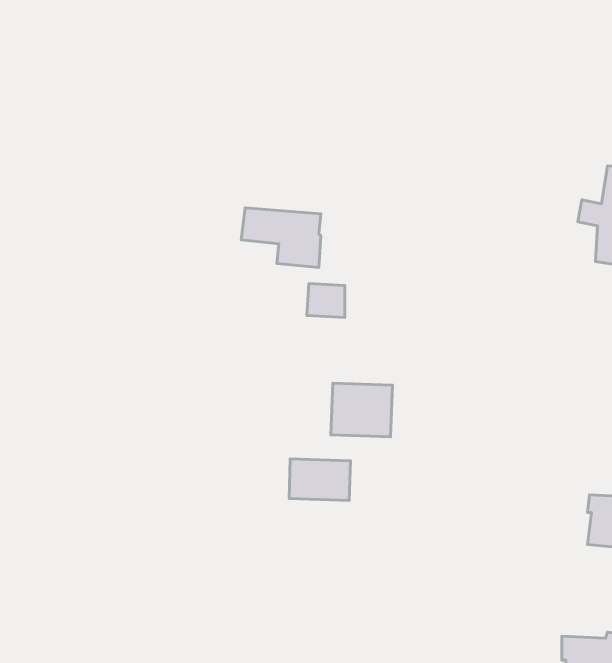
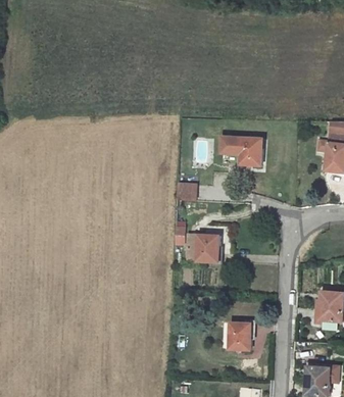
building: [241,208,321,268] -> [219,137,260,167]
building: [289,459,350,501] -> none
building: none -> [231,320,252,347]

